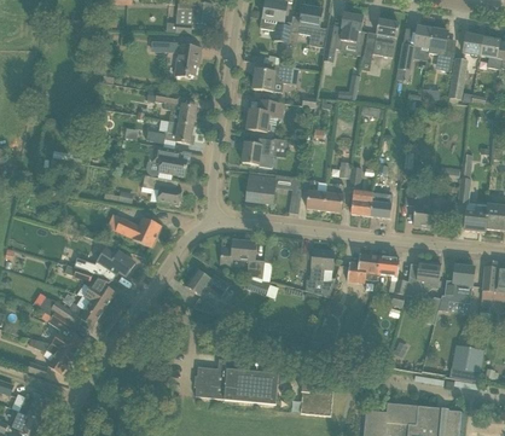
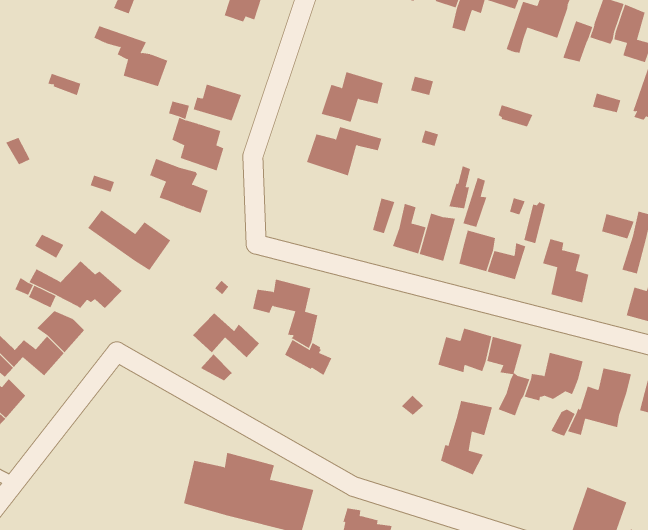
building: [252,64,294,91] -> none
building: [146,91,197,124] -> [93,26,168,87]
building: [246,174,275,204] -> none
building: [306,249,335,296] -> [440,401,493,475]

